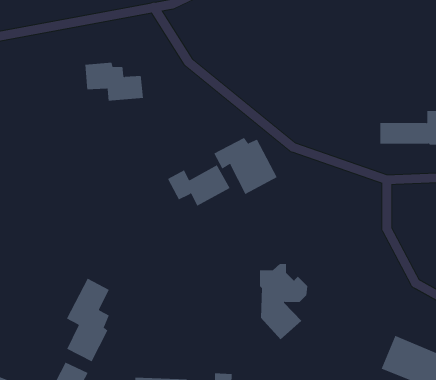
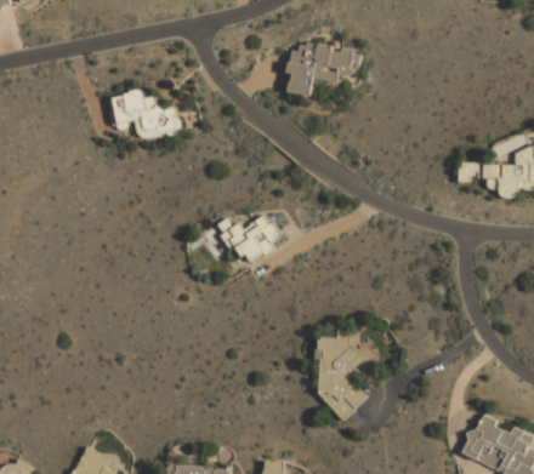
building: none -> [284,41,359,96]
building: [213,137,278,195] -> none
building: [66,278,110,362] -> none

